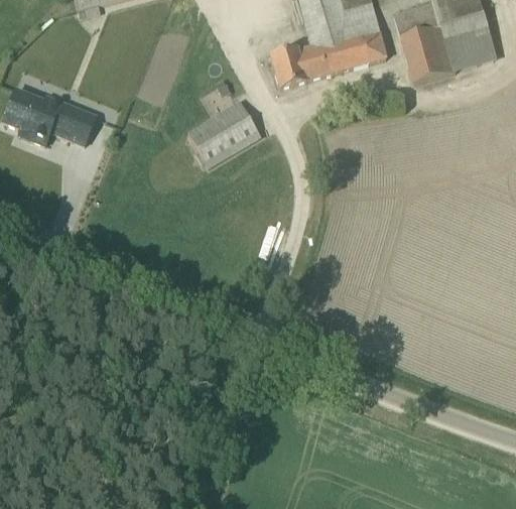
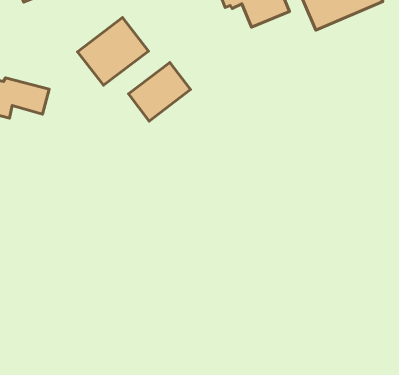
building: none -> [78,18,148,85]
building: [270,41,340,87] -> none

